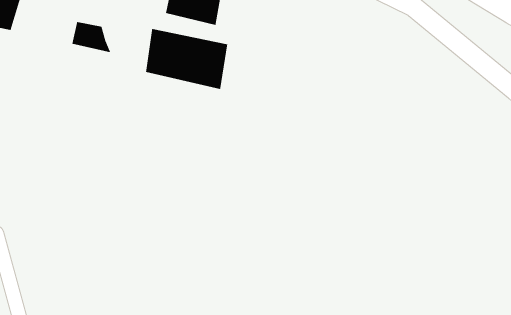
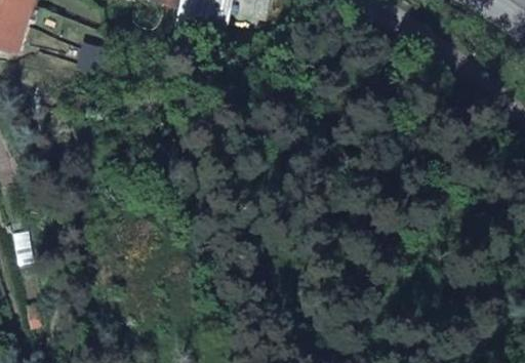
building: [145,28,228,90] -> none

